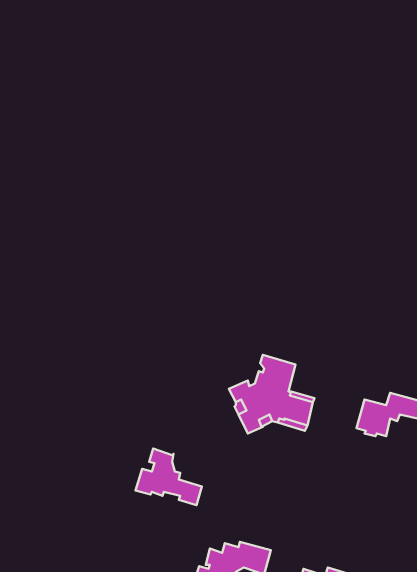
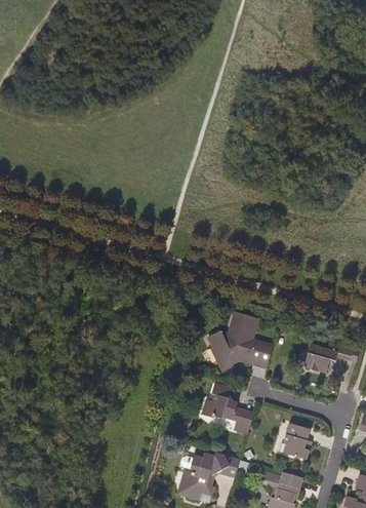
building: [136,448,202,505] -> [202,383,252,426]
building: none -> [283,422,309,459]

